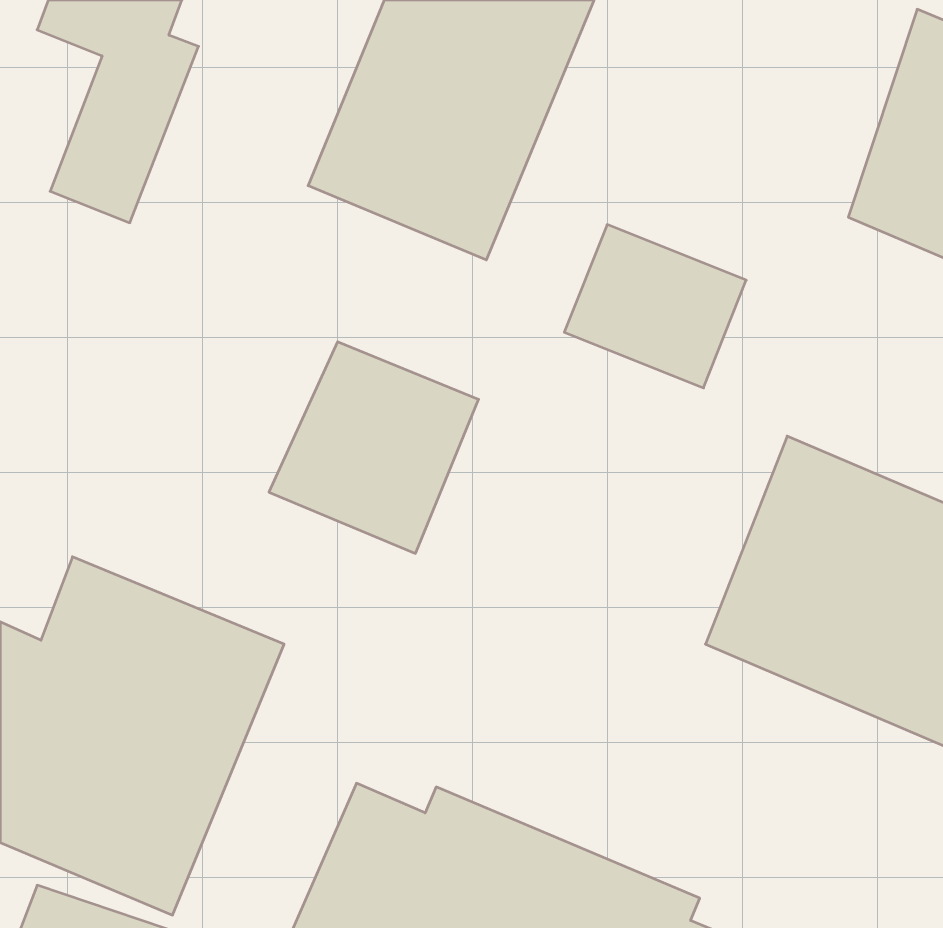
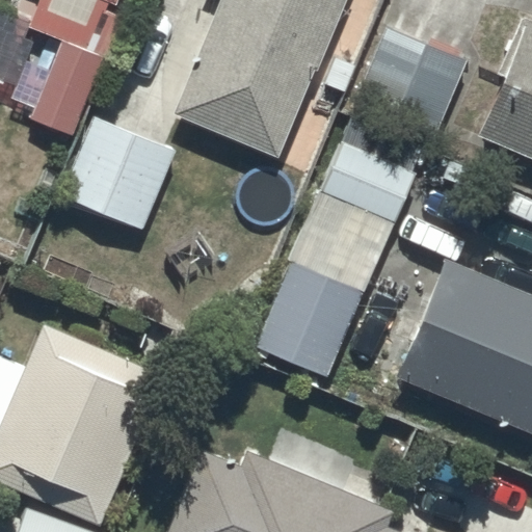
building: none -> [353,30,464,141]
building: none -> [58,113,178,229]
building: [269,342,479,553] -> [248,258,366,376]

